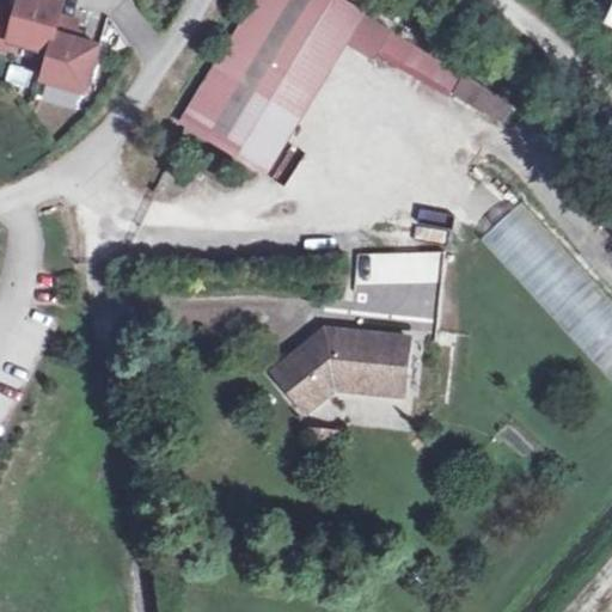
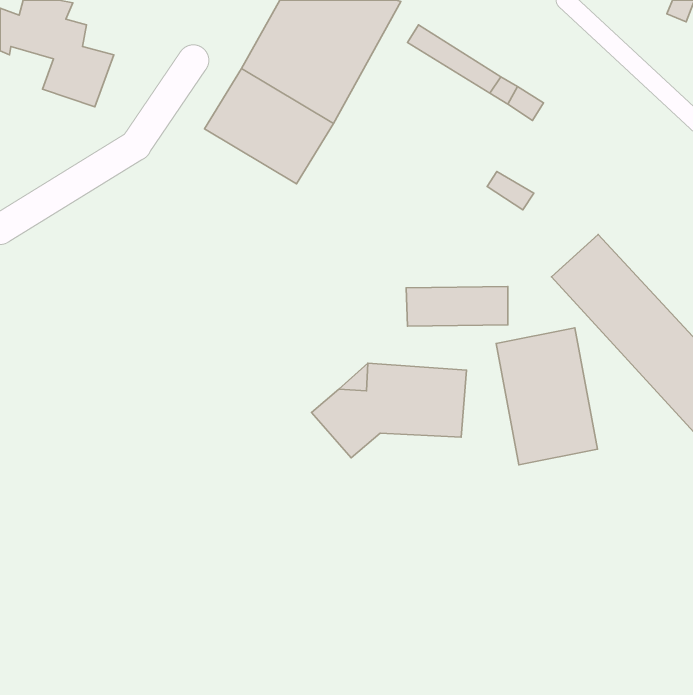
building: none -> [496,328,598,465]

